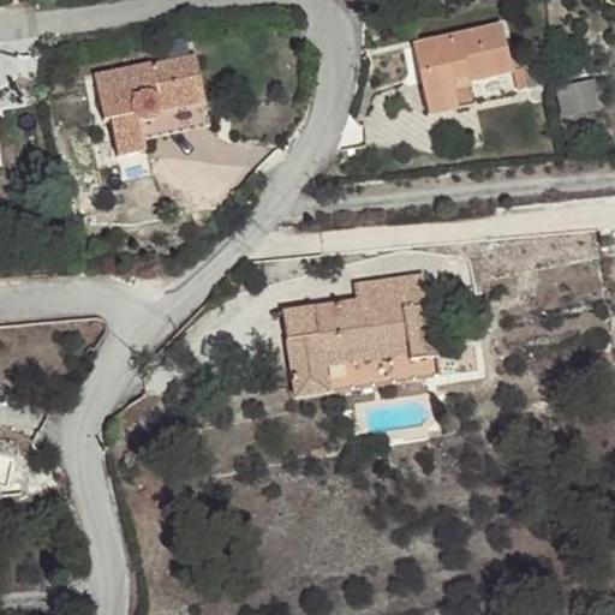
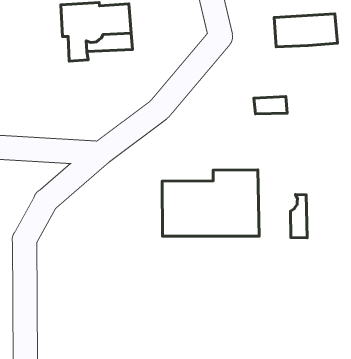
building: [422,77,474,109] -> [254,97,287,114]
building: none -> [291,195,307,238]

